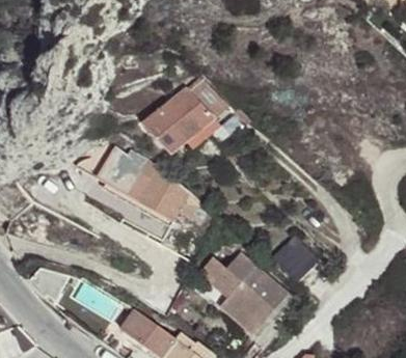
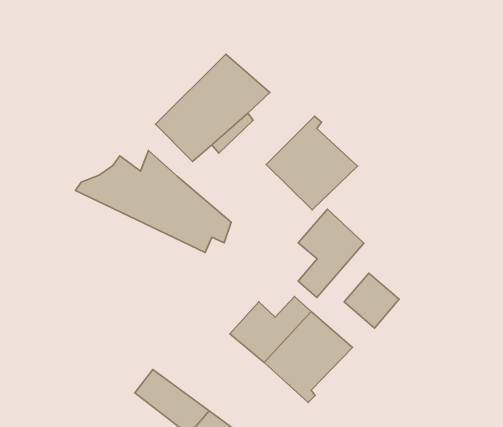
building: none -> [266,116,357,210]
building: none -> [298,209,364,298]

